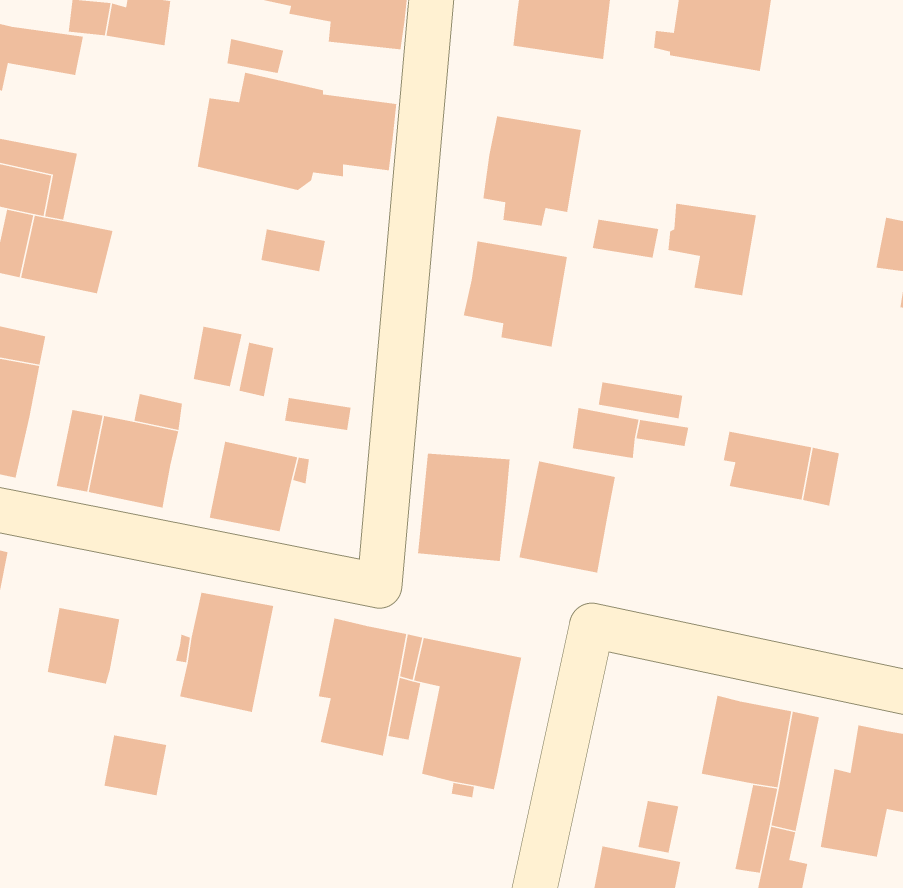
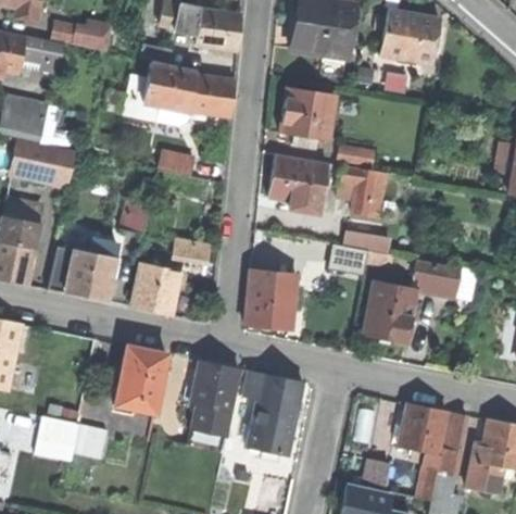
building: [668,203,757,296] -> [338,164,387,215]
building: [519,460,616,574] -> [362,280,415,342]
building: [47,607,120,684] -> [34,416,74,459]

